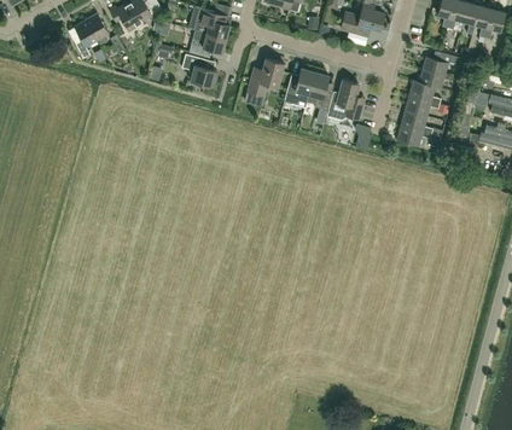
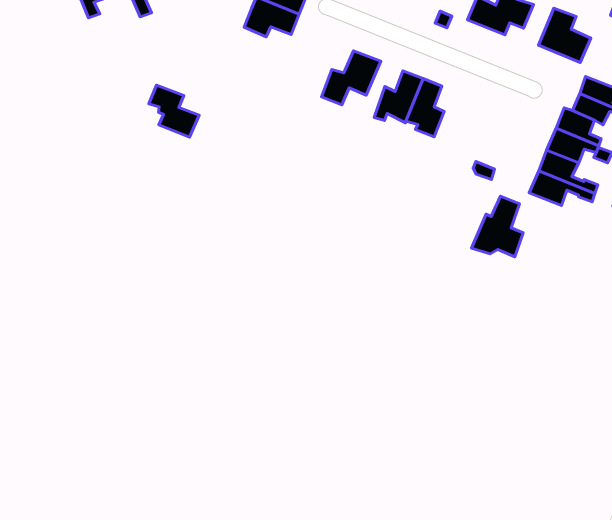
building: none -> [538,8,591,63]
building: [182,54,217,87] -> [149,85,199,137]
building: [327,80,361,120] -> [471,196,523,257]

